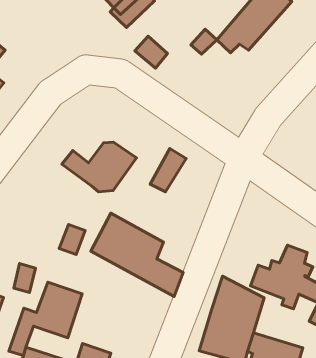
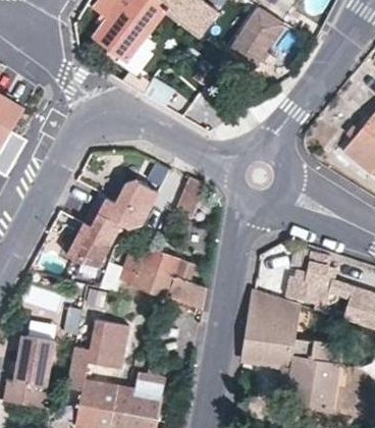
building: none -> [67,208,122,267]

